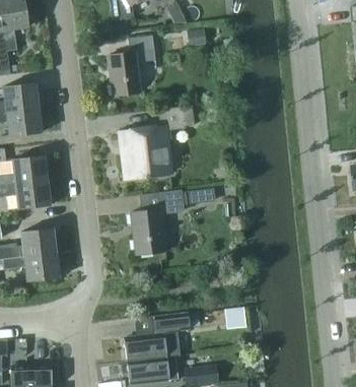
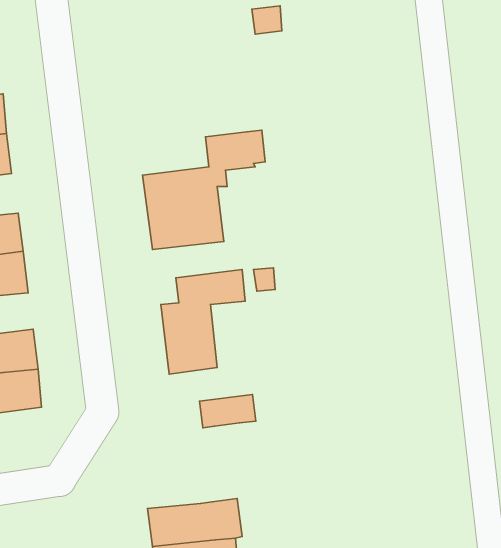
building: [108,38,156,95] -> none
building: [153,314,188,334] -> [200,395,256,428]

